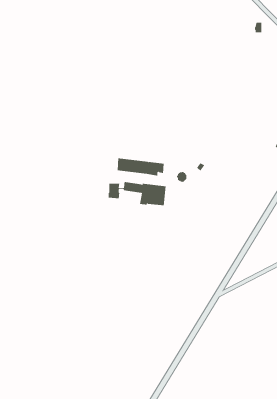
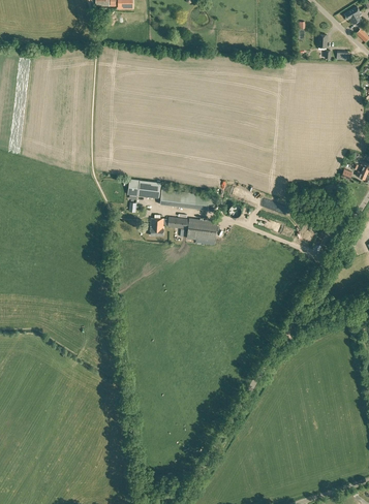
building: none -> [128,179,160,197]

